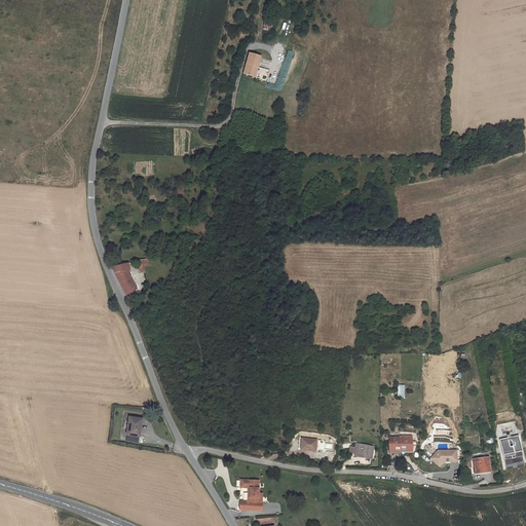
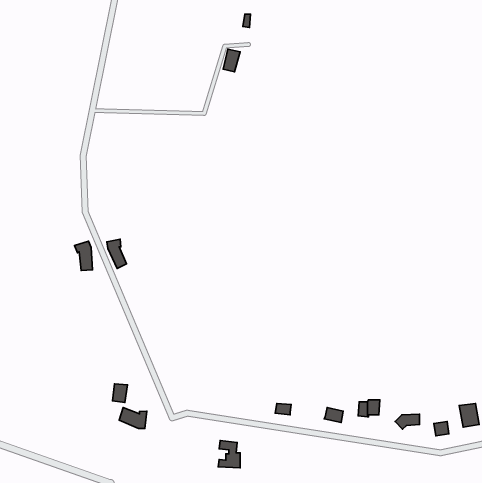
building: none -> [74,241,93,271]
building: none -> [119,407,147,428]

